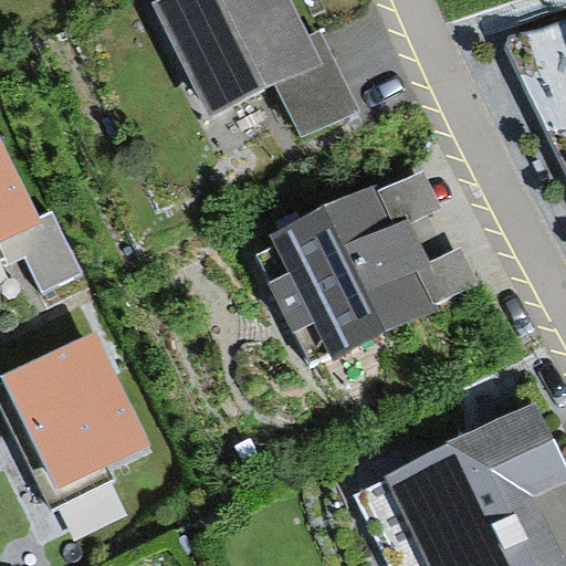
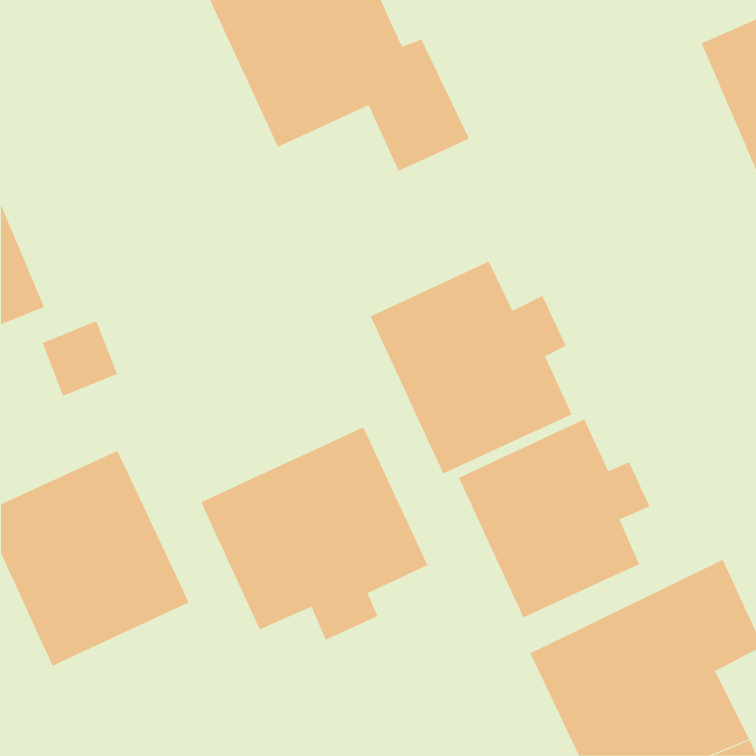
building: none -> [458,419,650,618]
building: none -> [200,426,428,640]

